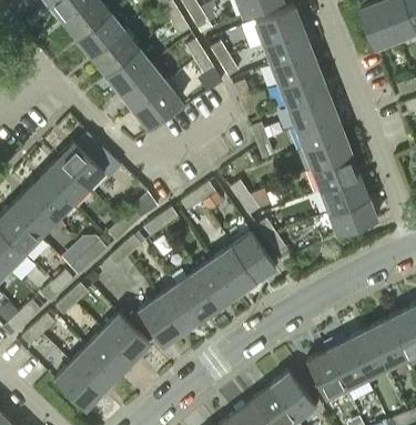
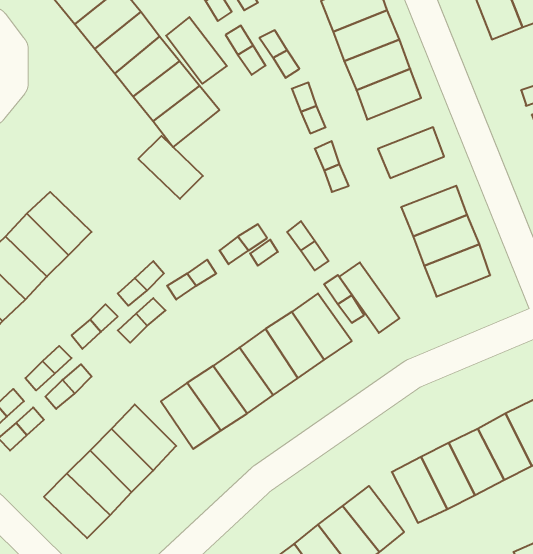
building: none -> [166,17,227,84]
building: [287,92,335,129] -> none
building: [304,134,352,171] -> none
building: [59,143,105,189] -> [138,136,203,199]
building: none -> [339,262,399,333]

